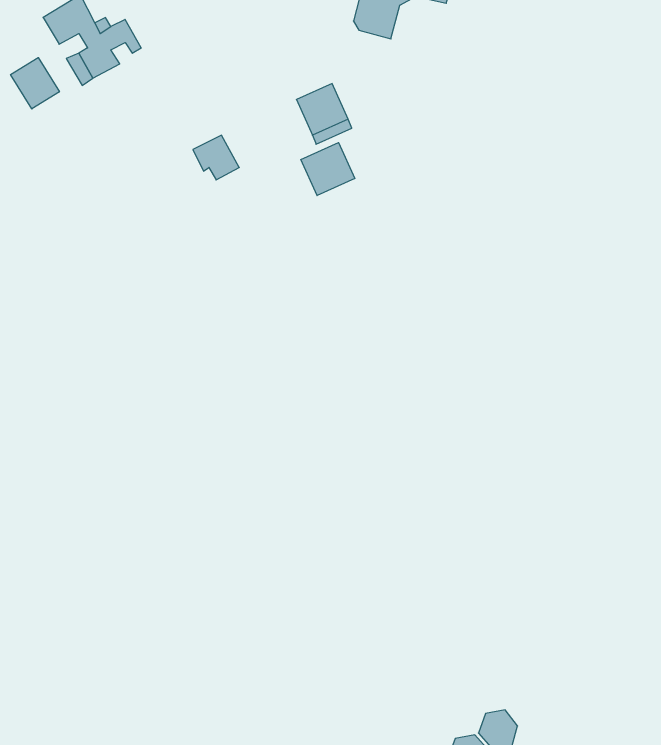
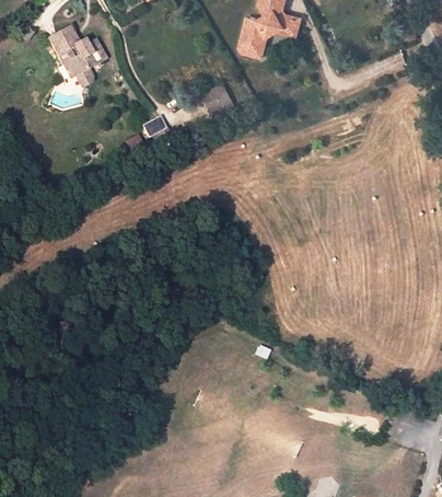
building: [11,58,59,109] -> none
building: [301,143,355,196] -> none

